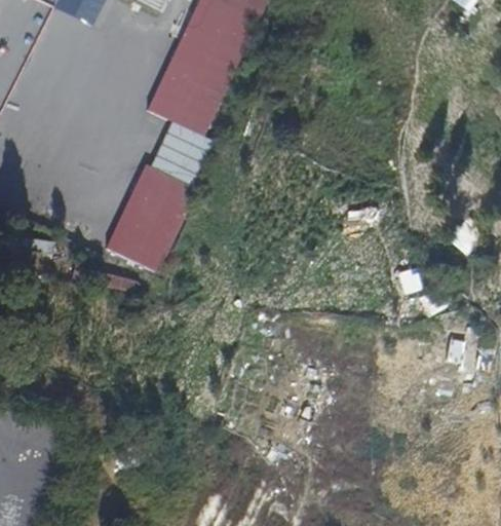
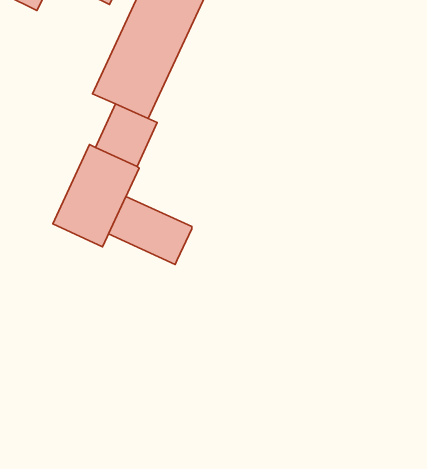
building: none -> [109,197,192,265]

